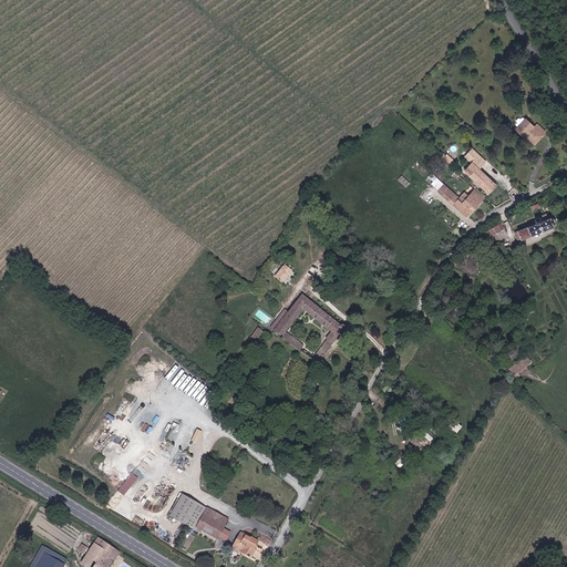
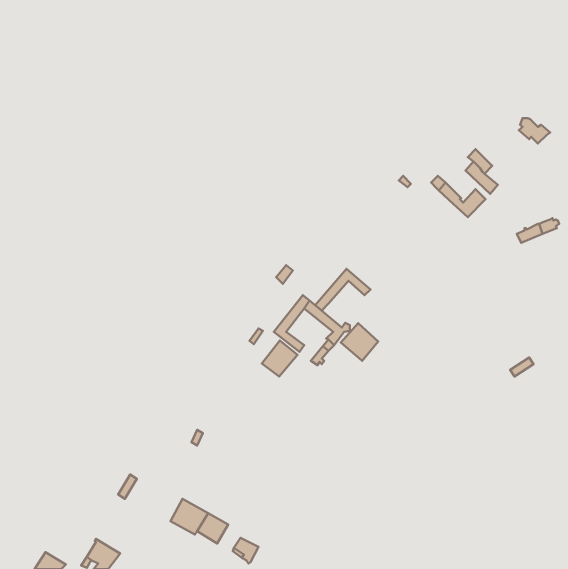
building: none -> [315,269,370,311]
building: none -> [341,323,378,361]
building: none -> [262,340,297,377]

